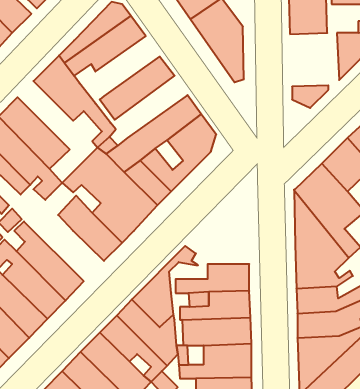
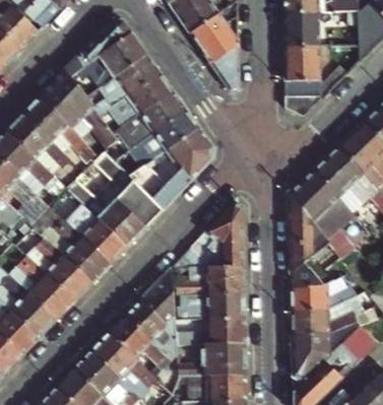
building: none -> [284,48,321,83]
building: none -> [100,51,161,108]
building: none -> [118,88,187,147]
building: none -> [25,93,86,153]
building: none -> [185,204,246,268]
building: none -> [31,217,108,283]

